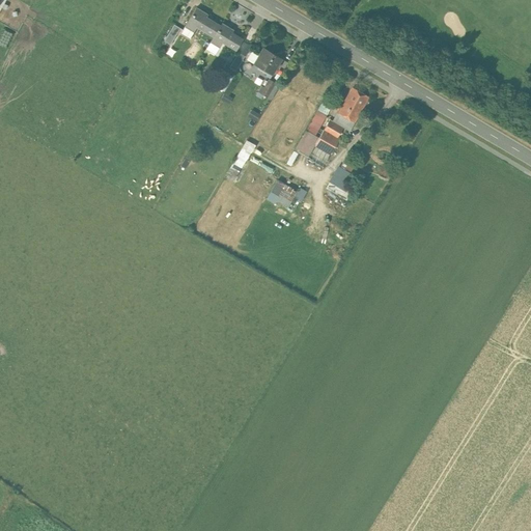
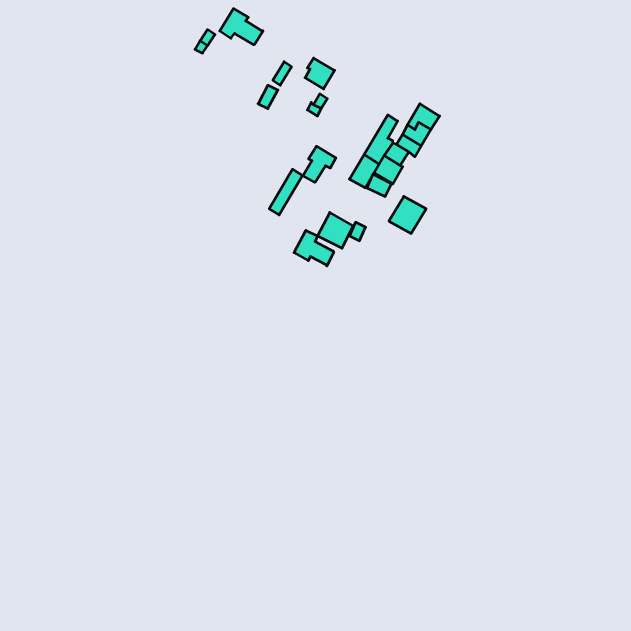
building: [211,23,243,51] -> none
building: none -> [303,146,336,182]
building: none -> [294,230,334,266]

